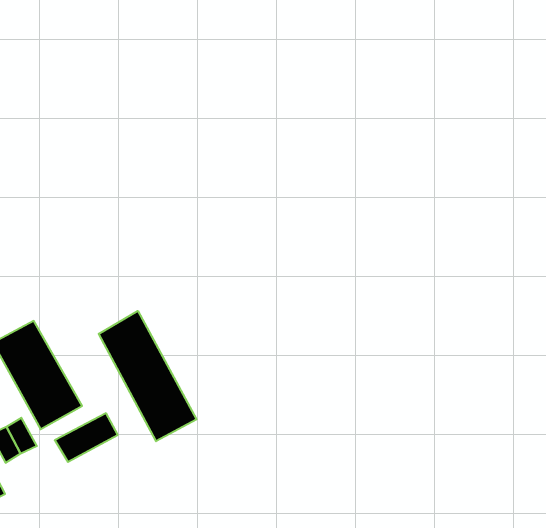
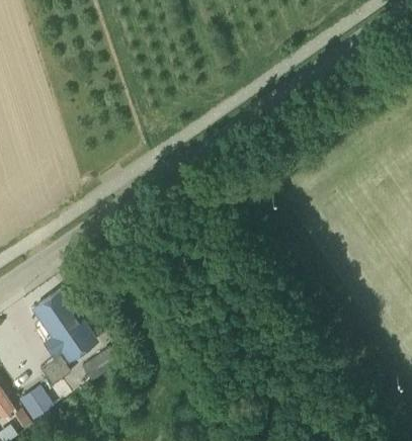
building: [99,311,197,441] -> none

